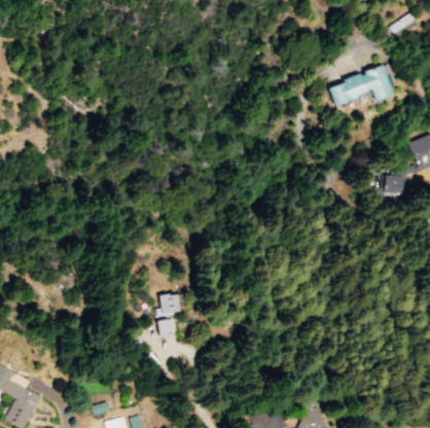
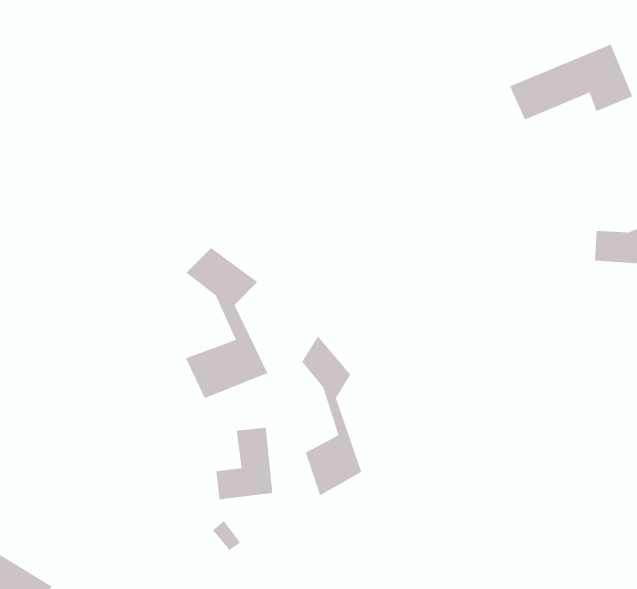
building: none -> [185,247,268,399]
building: none -> [302,336,362,496]

